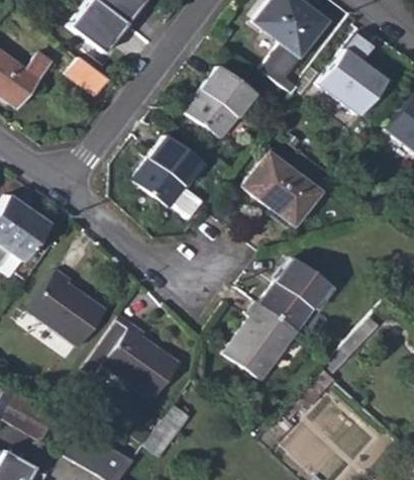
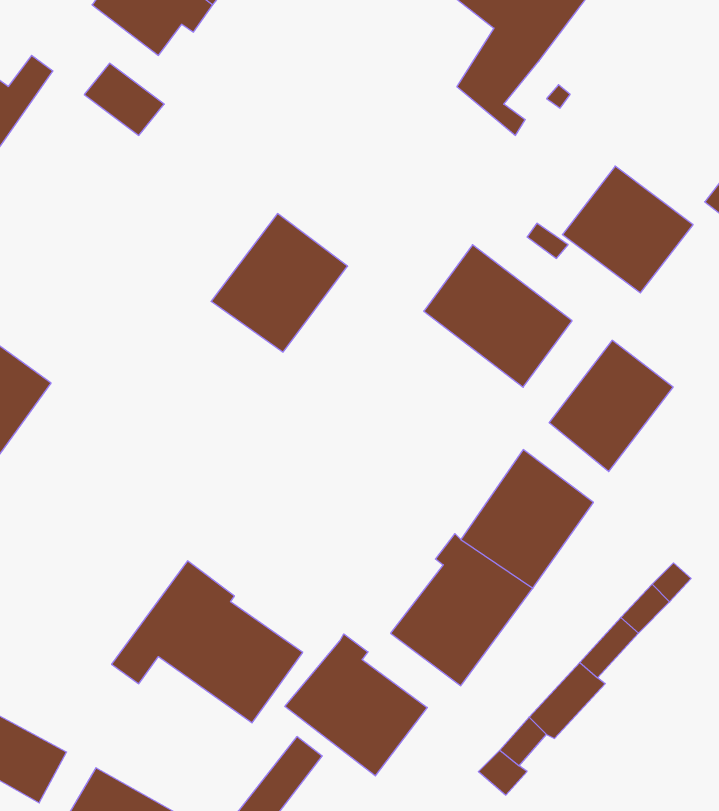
building: [318,49,386,114] -> [562,166,693,293]
building: [184,66,254,138] -> none
building: none -> [549,340,673,472]
building: [29,270,106,347] -> none
building: none -> [285,634,427,776]

